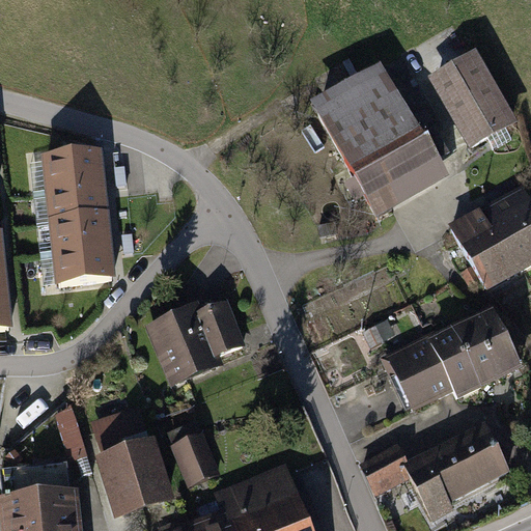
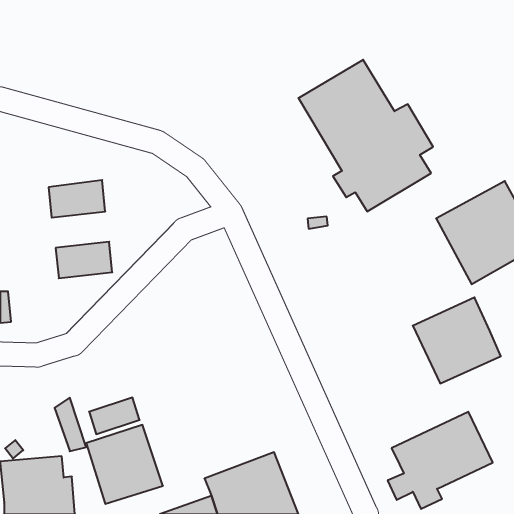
building: [425,48,513,145] -> none
building: [49,153,108,192] -> none
building: [56,217,115,254] -> none
building: [144,302,245,388] -> none
building: [380,334,454,416] -> none
building: [170,432,216,487] -> none
building: [361,444,413,494] -> none

